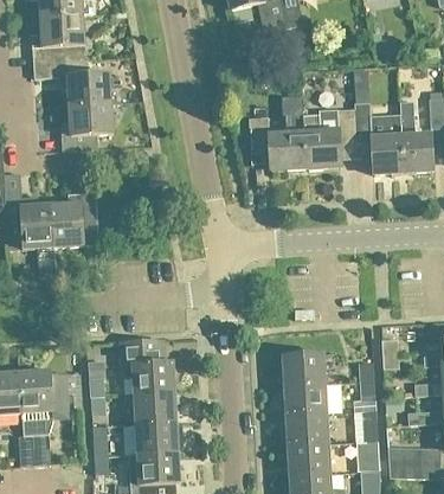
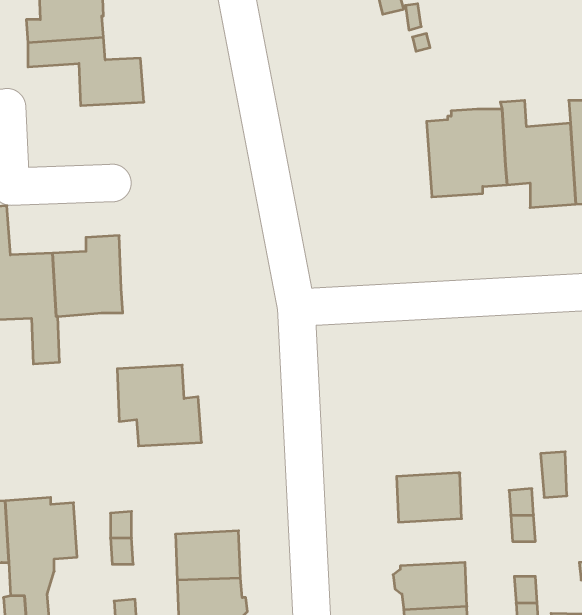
building: [58,102,112,150] -> none
building: [247,115,305,168] -> none
building: [118,339,175,393] -> [117,365,202,446]
building: [278,383,328,415] -> none

